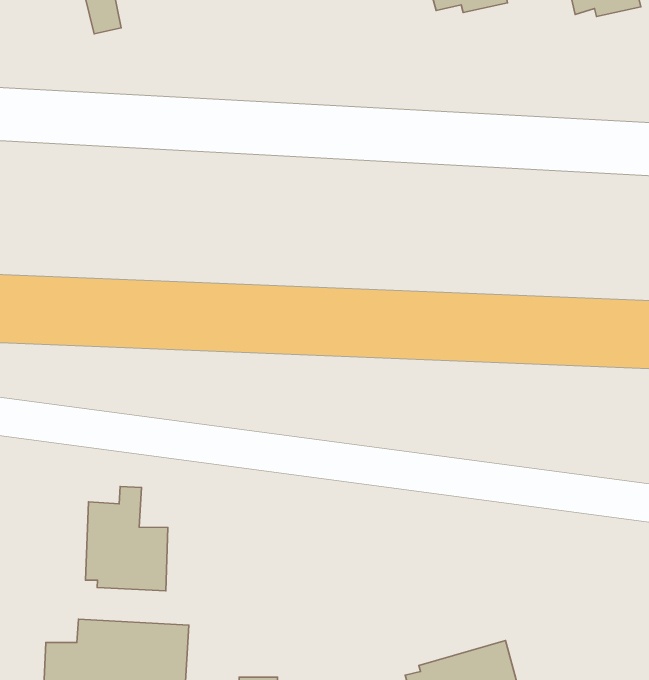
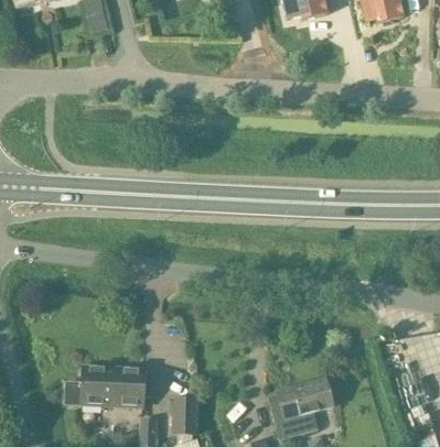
building: [85,487,168,591] -> none

